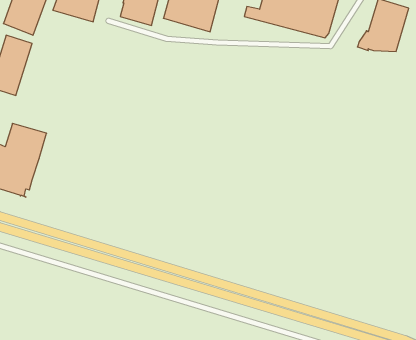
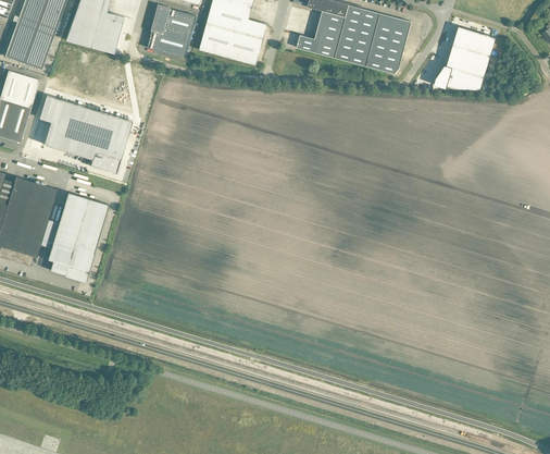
building: none -> [38,93,132,173]
building: none -> [39,192,108,282]

